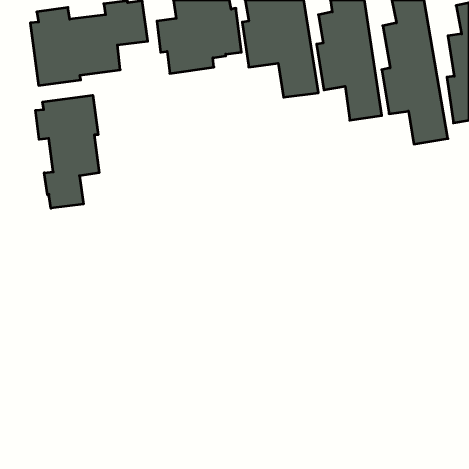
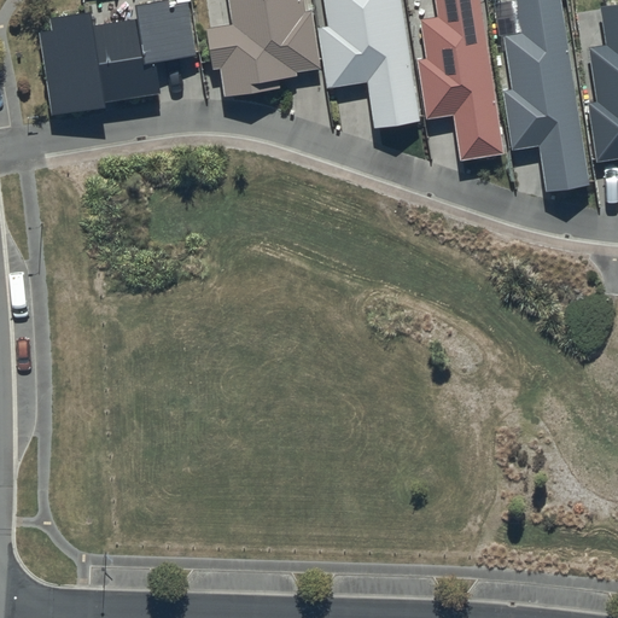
building: [36,95,99,208] -> none

